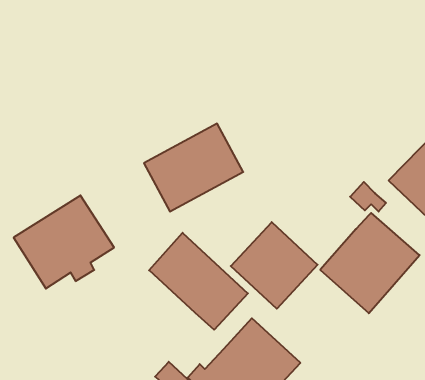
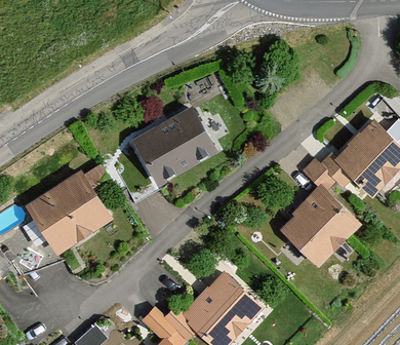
building: [231,222,318,309] -> none
building: [149,233,248,330] -> none

